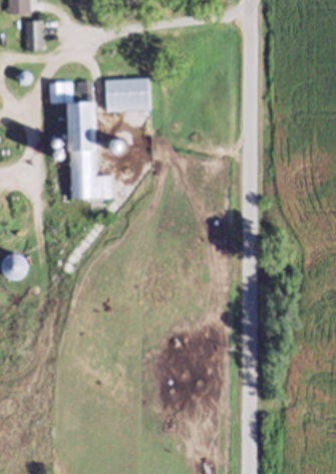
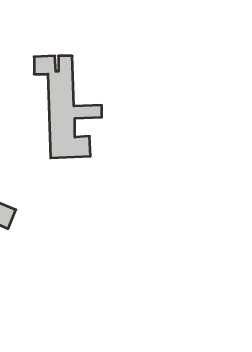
building: [28,22,43,52] -> none
building: [105,79,151,110] -> none

